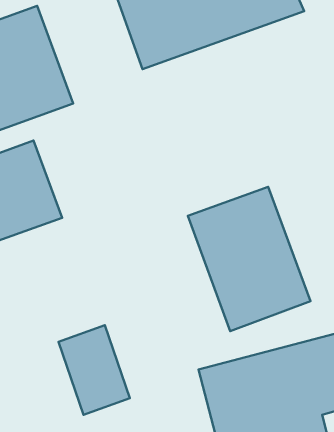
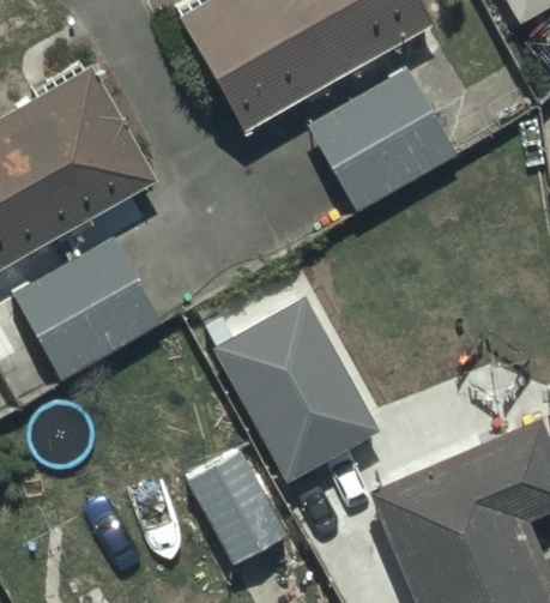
building: none -> [304,64,460,215]
building: [188,187,311,331] -> [210,294,376,478]

